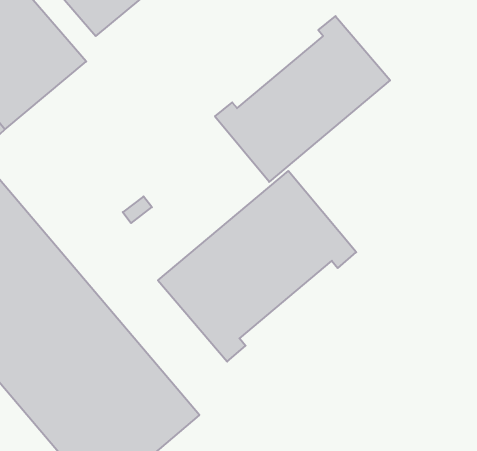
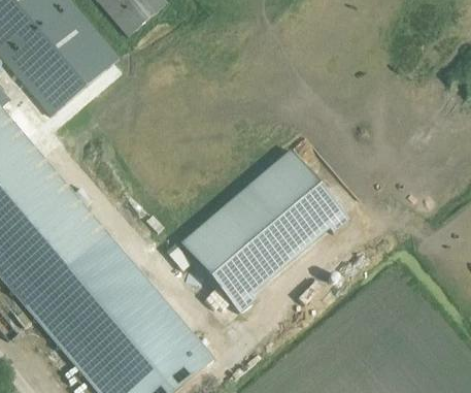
building: [215,16,390,182] -> none

